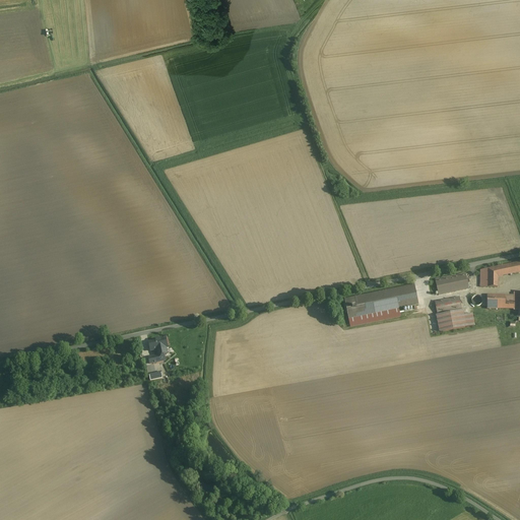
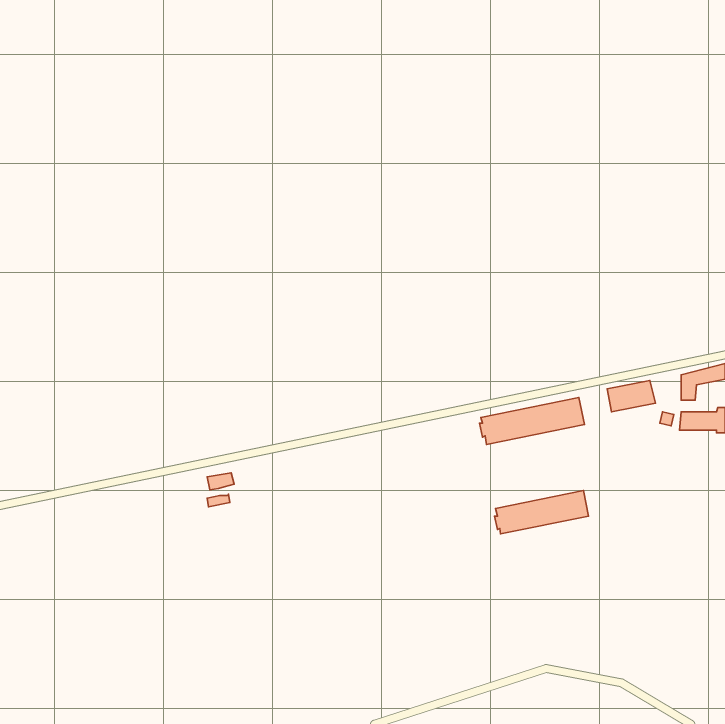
building: [437,295,474,331] -> none
building: none -> [495,491,588,534]

